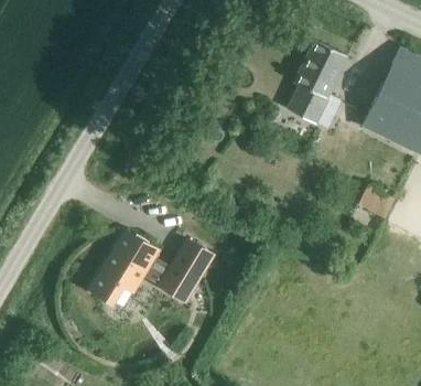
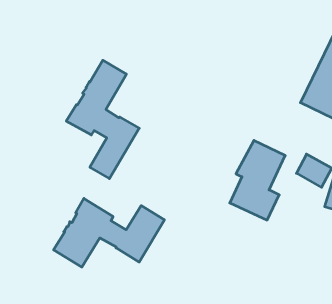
building: [289,41,349,128] -> [230,140,285,220]
building: none -> [66,60,139,179]

